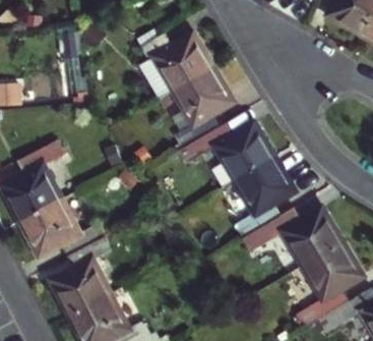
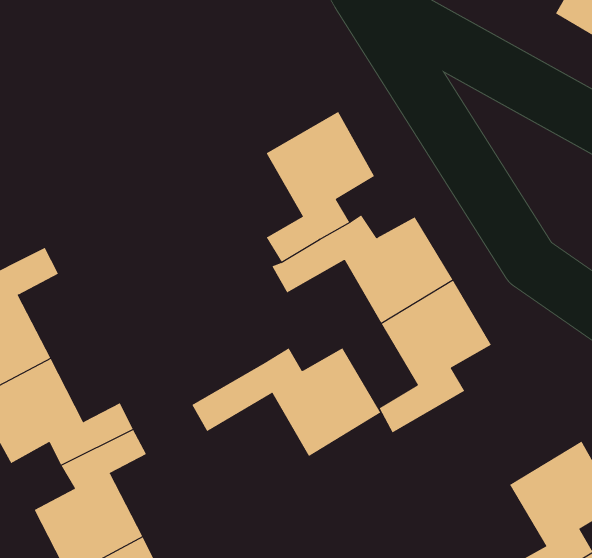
building: [140,34,212,99] -> none
building: [241,209,341,267] -> [191,347,381,457]

